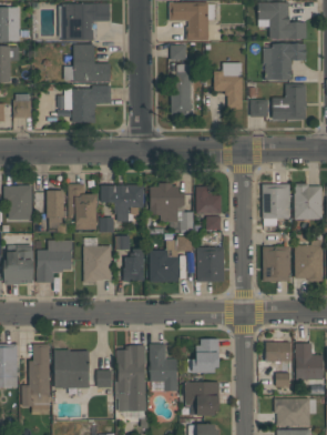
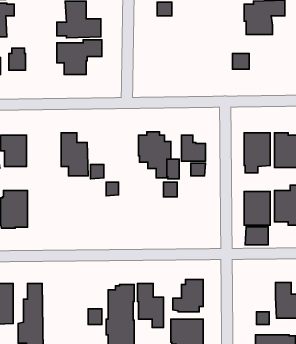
building: [214,63,243,110] -> none
building: [172,64,191,117] -> none
building: [273,84,306,120] -> none
building: [101,185,144,221] -> none
building: [47,191,67,233] -> none
building: [37,240,73,283] -> none
building: [84,246,112,283] -> none
building: [197,247,224,283] -> none
building: [124,249,144,282] -> none
building: [150,250,180,282] -> none
building: [266,343,290,362] -> [245,227,268,245]
building: [54,350,90,388] -> none

